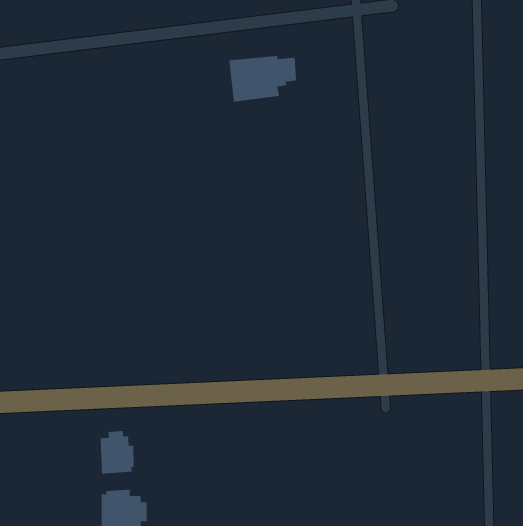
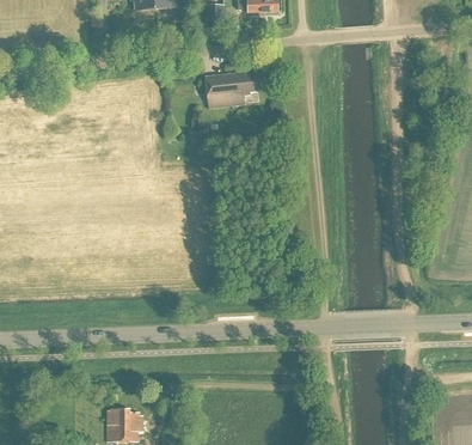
building: [100,430,134,475] -> none

